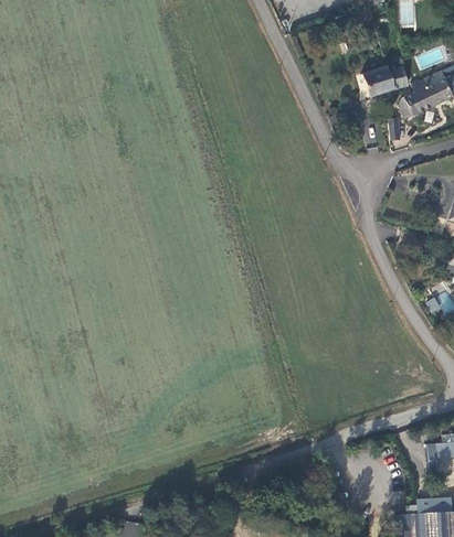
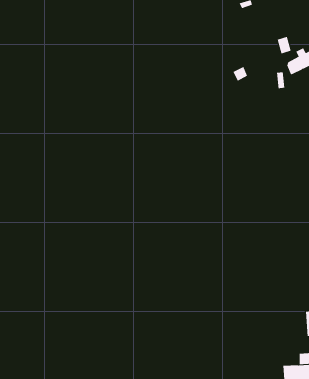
building: [362,66,393,97] -> none

